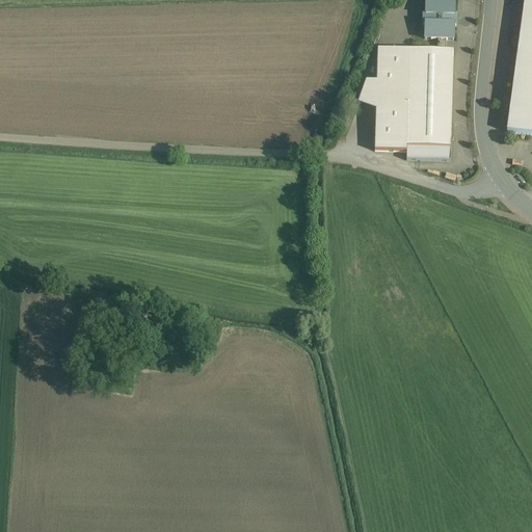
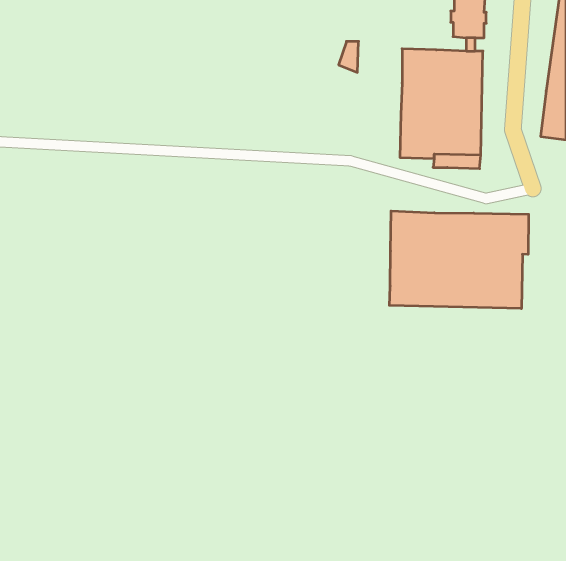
building: [358,78,377,107] -> [339,41,359,72]
building: none -> [389,211,529,309]

